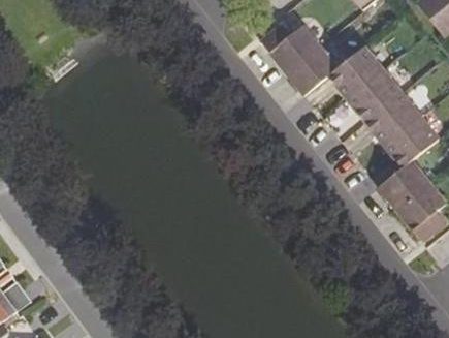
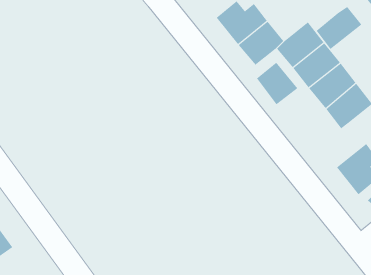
building: none -> [316,6,362,50]
building: none -> [256,62,298,105]
building: [379,160,431,211] -> none

